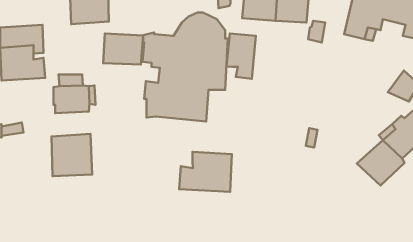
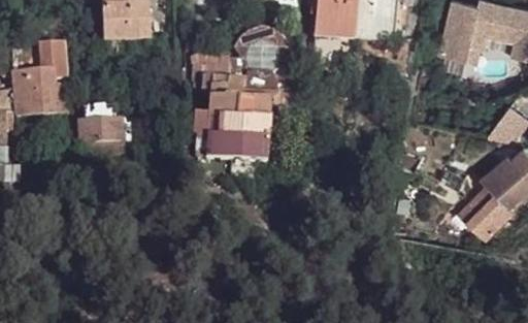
building: [226,34,256,79] -> none
building: [103,34,143,64] -> none
building: [52,134,92,176] -> none
building: [179,152,232,192] -> none

